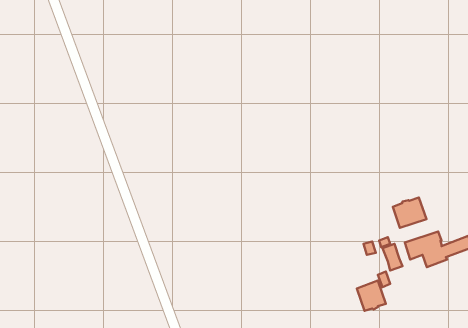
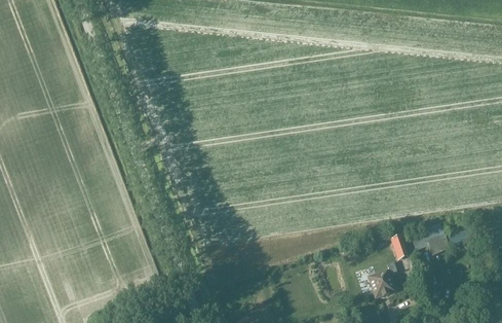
building: [393,197,426,228] -> none

